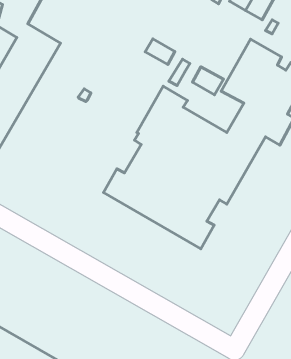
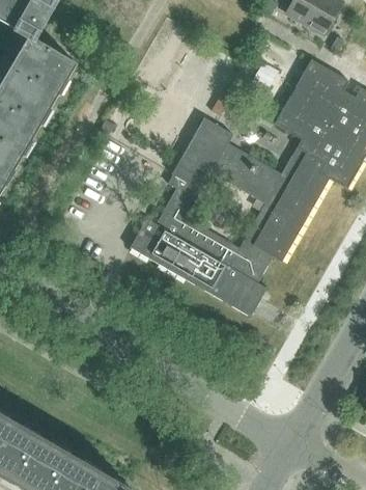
building: [145,39,175,64] -> none
building: [192,67,224,95] -> none

